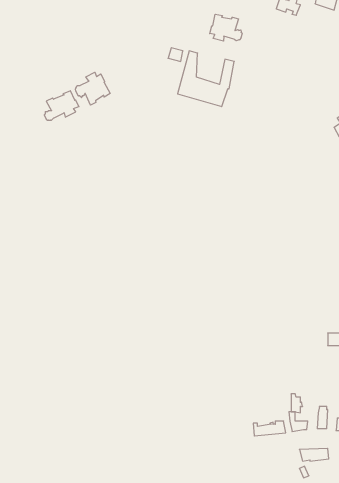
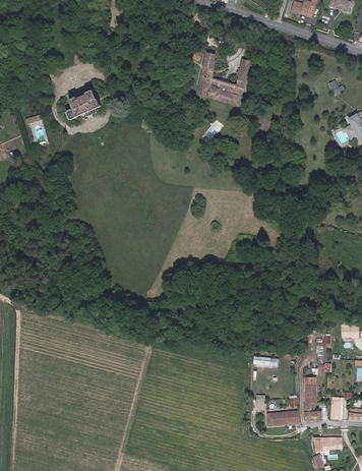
building: [210,14,242,41] -> none
building: [75,72,110,105] -> none

